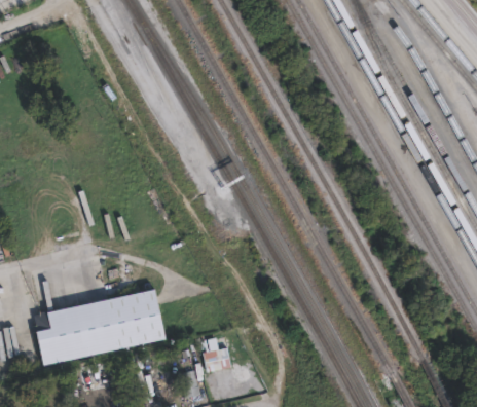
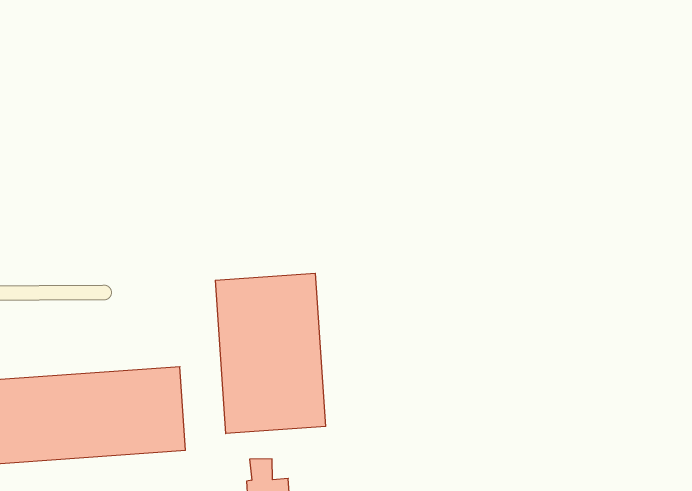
building: none -> [215,273,326,434]

